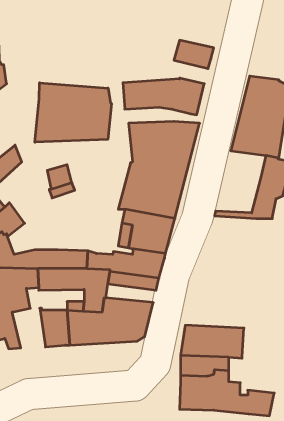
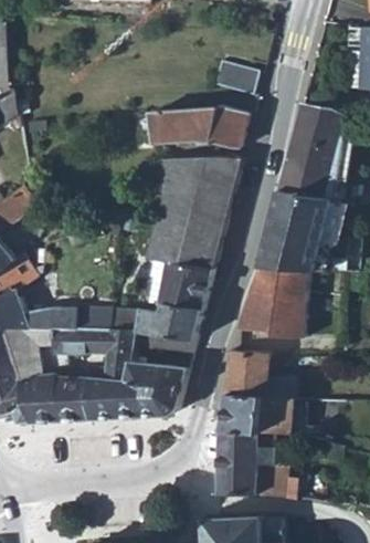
building: [35,83,111,142] -> none
building: none -> [260,190,318,263]
building: none -> [236,267,307,337]
building: none -> [223,349,294,398]
building: none -> [22,374,61,421]

